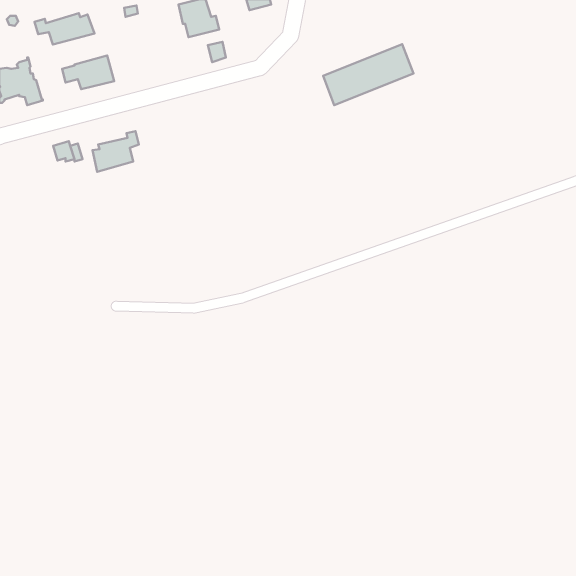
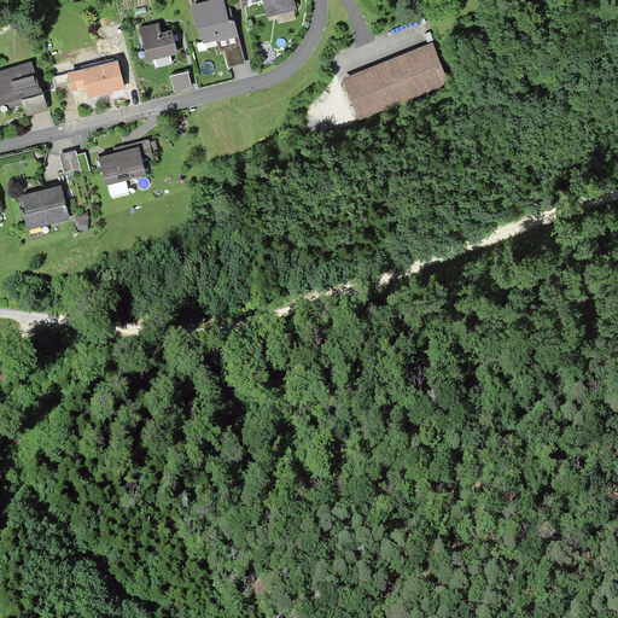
building: [34,13,94,44] -> none
building: none -> [141,24,175,66]
building: none -> [18,187,66,225]

